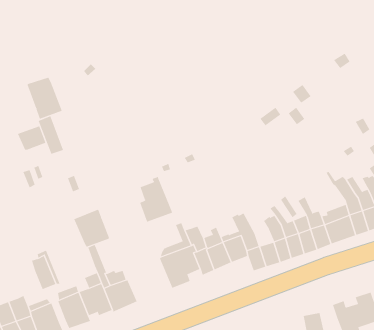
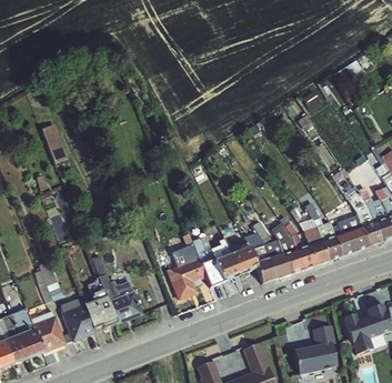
building: [27,77,63,120] -> none
building: [17,125,46,151] -> none
building: [139,176,172,222] -> none
building: [74,209,110,247] -> none
building: none -> [253,220,283,258]

